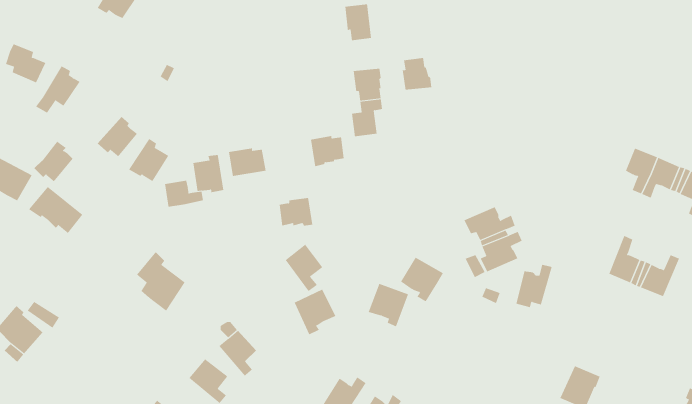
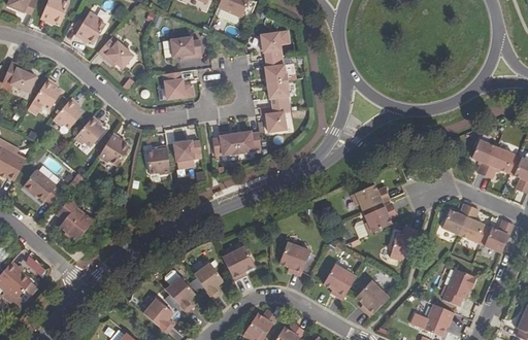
building: none -> [171,37,202,59]
building: none -> [98,39,133,68]
building: none -> [164,71,195,99]
building: [402,57,432,90] -> [265,58,288,82]
building: [34,141,73,182] -> [54,98,84,129]
building: [164,180,203,207] -> none
building: [279,197,313,226] -> [212,134,238,156]
building: none -> [442,203,471,235]
building: [285,244,323,292] -> [195,263,224,299]
building: [136,251,186,311] -> [57,197,94,242]
building: [400,257,444,302] -> [323,265,356,299]
building: none -> [442,269,476,306]
building: none -> [356,281,389,316]

